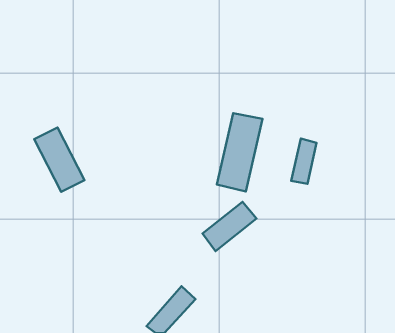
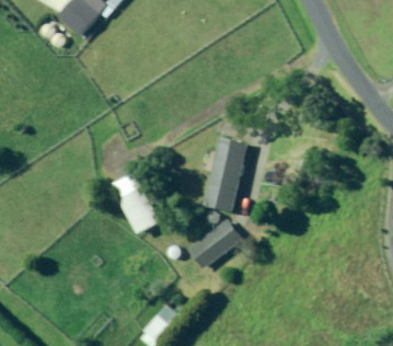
building: [34,127,84,192] -> [115,173,162,233]
building: [291,139,317,184] -> none

